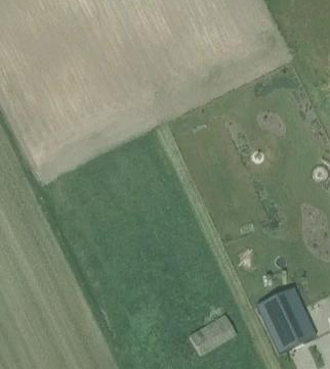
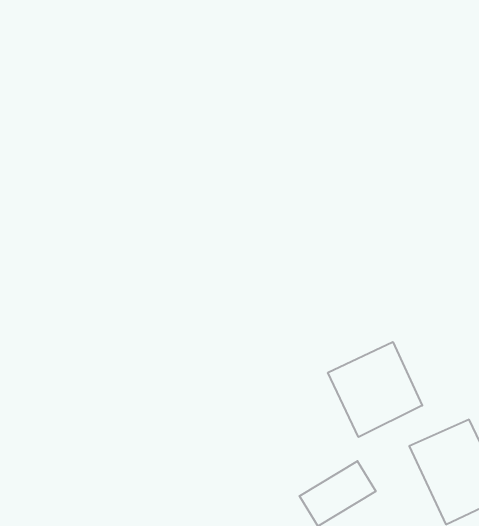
building: none -> [328,342,422,437]

